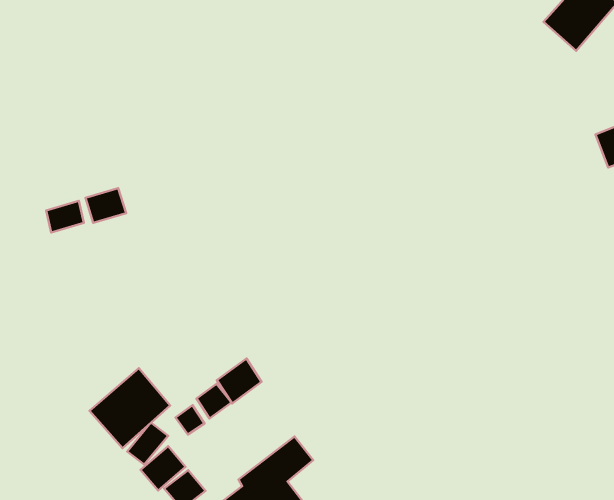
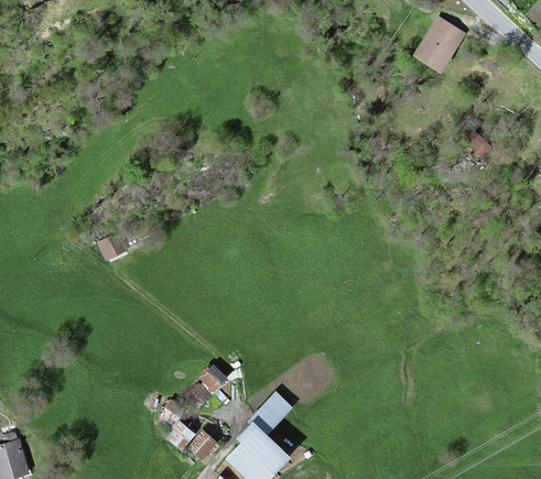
building: [46,201,84,232] -> none
building: [217,359,262,403] -> none
building: [89,368,170,448] -> none

